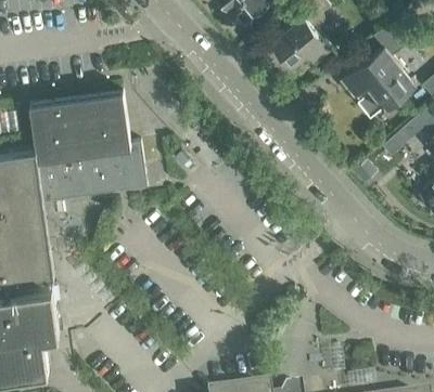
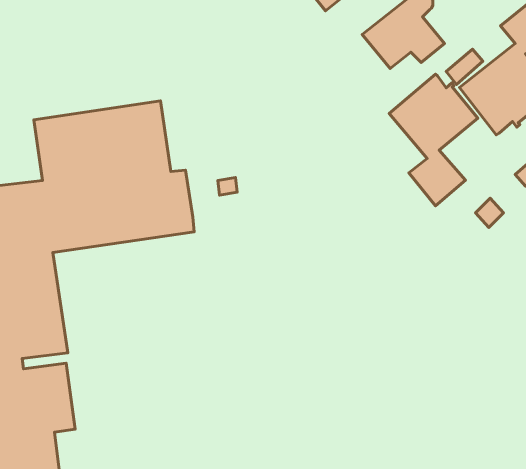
building: none -> [389,74,478,206]

